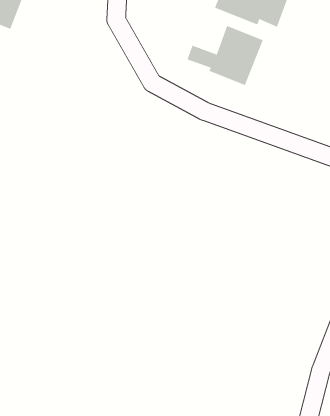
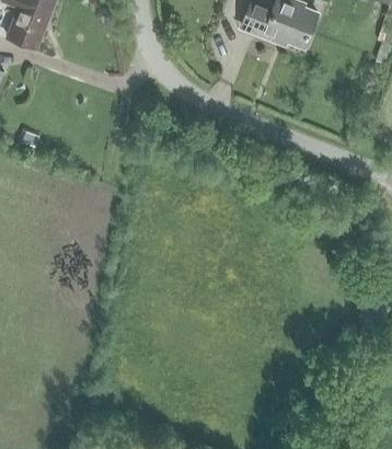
building: [187,25,263,86] -> none

